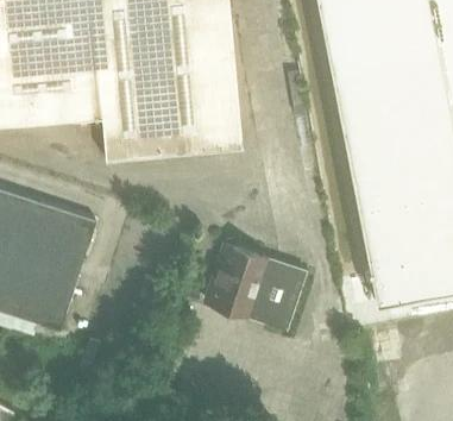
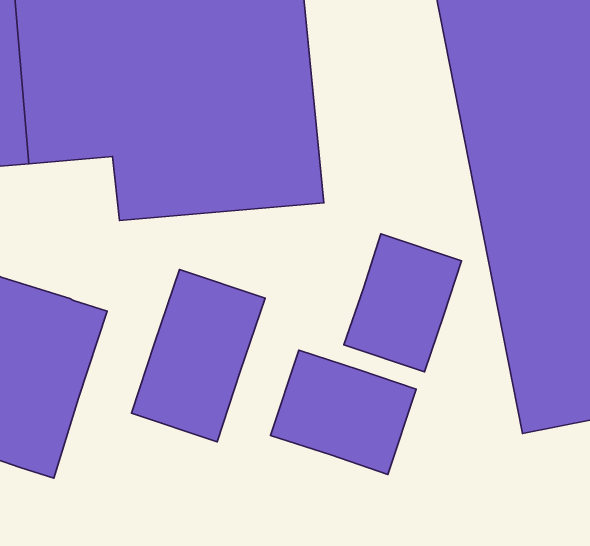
building: none -> [344,234,461,372]
building: none -> [132,269,265,442]

